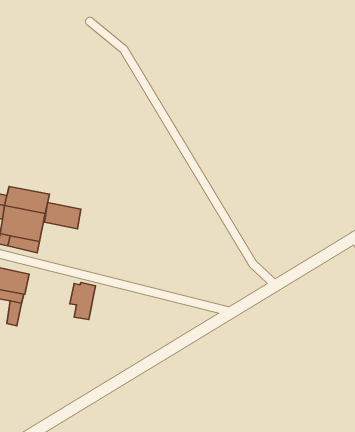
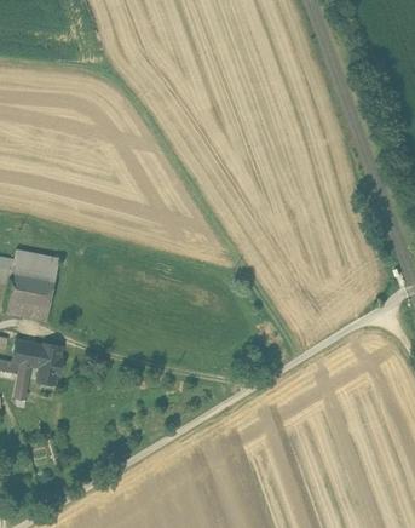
building: [44,203,81,229] -> none
building: [70,283,96,320] -> [34,344,62,384]

